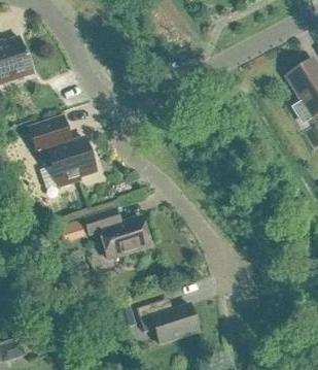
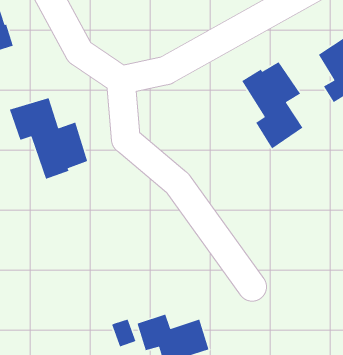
building: none -> [241,61,303,149]
building: [84,208,150,259] -> none

